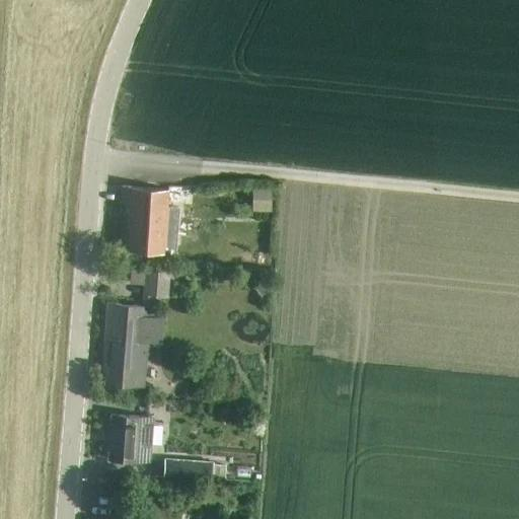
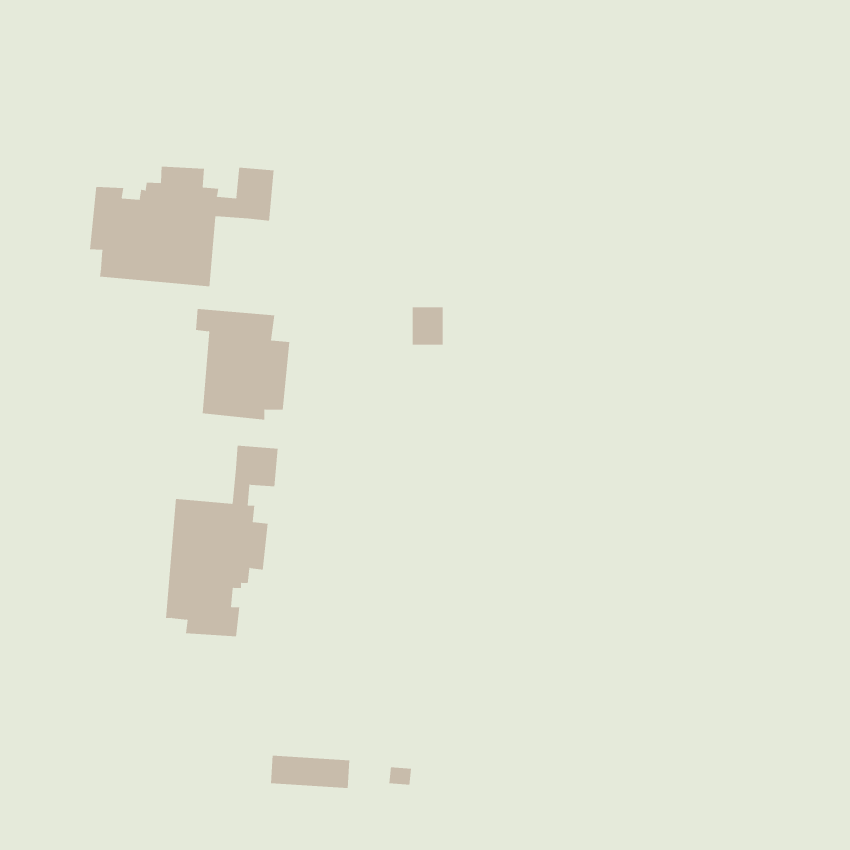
building: none -> [89,166,274,287]
building: [109,416,153,463] -> none

